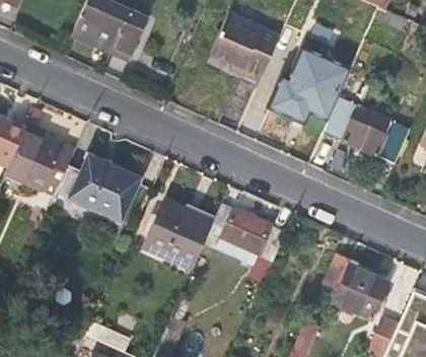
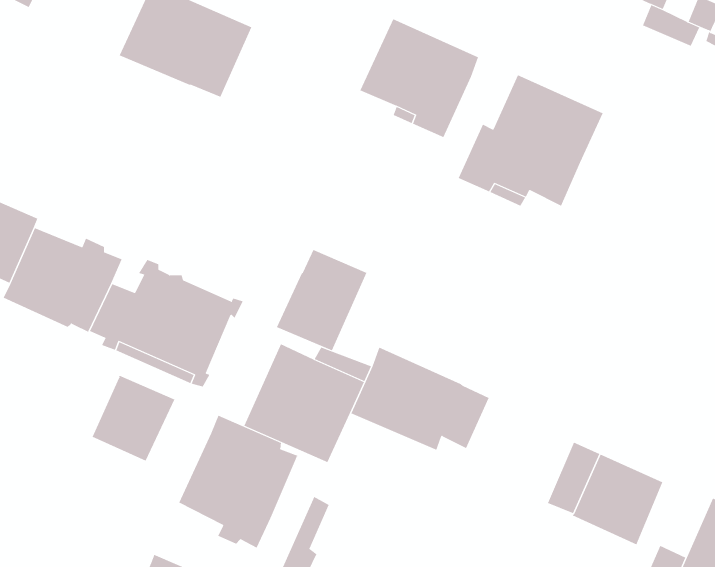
building: [323,95,410,162] -> none
building: none -> [276,249,367,351]
building: none -> [92,375,175,462]
building: none -> [179,415,298,548]

